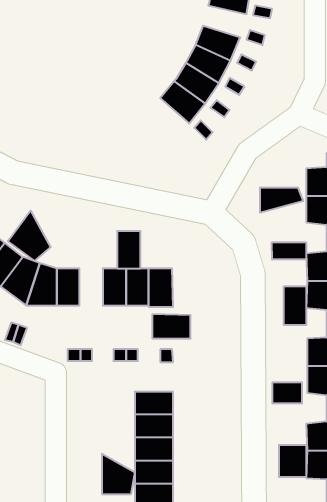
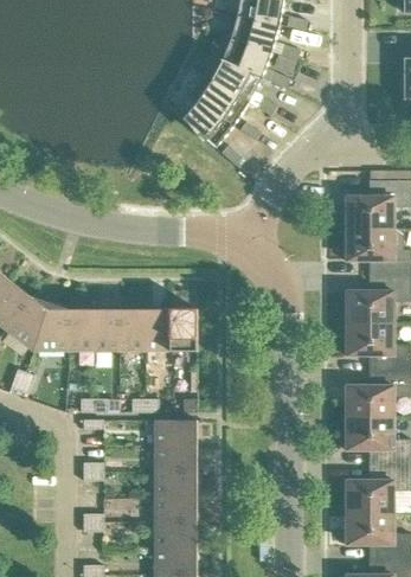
building: none -> [230,17,278,52]
building: [260,187,303,213] -> none
building: [8,211,51,261] -> none
building: [117,231,141,268] -> [92,309,118,351]
building: [272,242,306,260] -> none
building: [284,286,306,325] -> none
building: [152,314,191,339] -> [154,419,197,447]
building: [272,382,302,404] -> none
building: [279,445,306,477] -> none
building: [102,454,135,494] -> none

